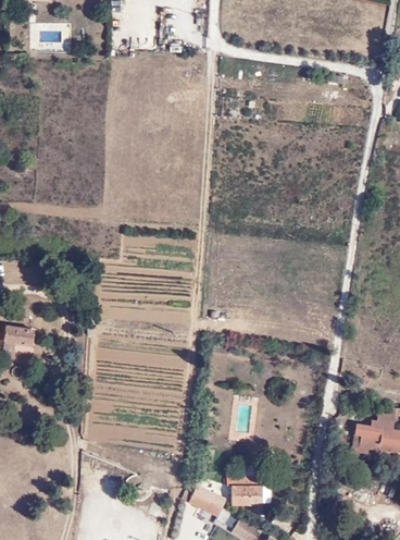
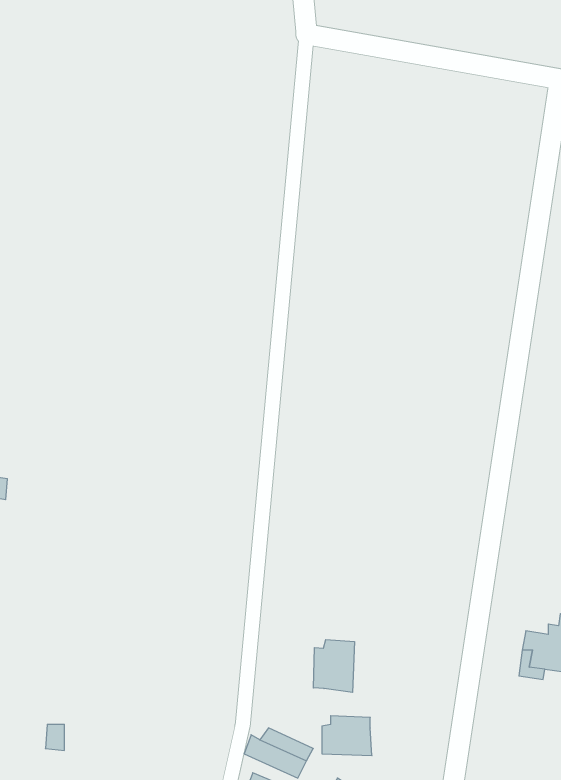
building: none -> [313,640,354,692]

